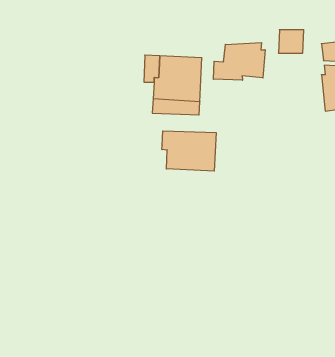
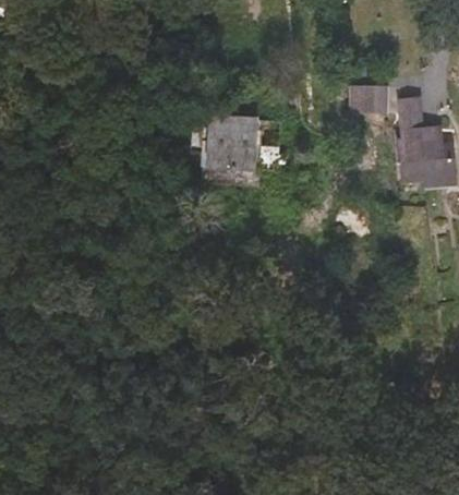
building: [213,43,265,80] -> none
building: [162,131,216,171] -> none

